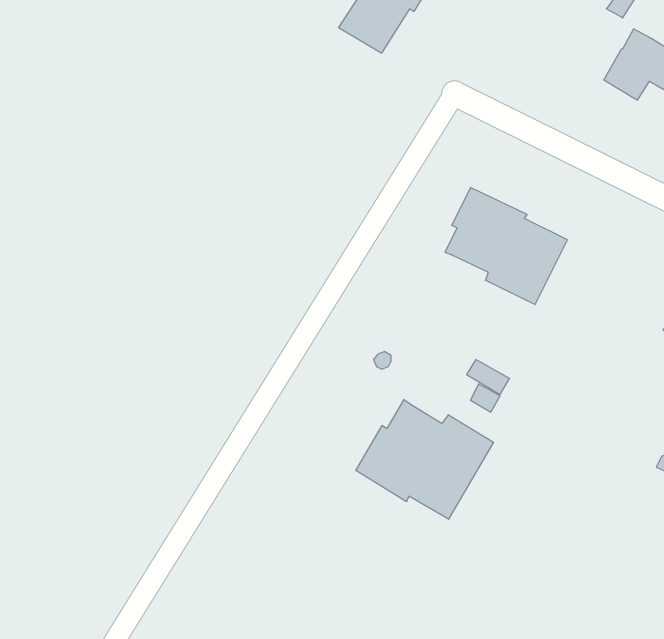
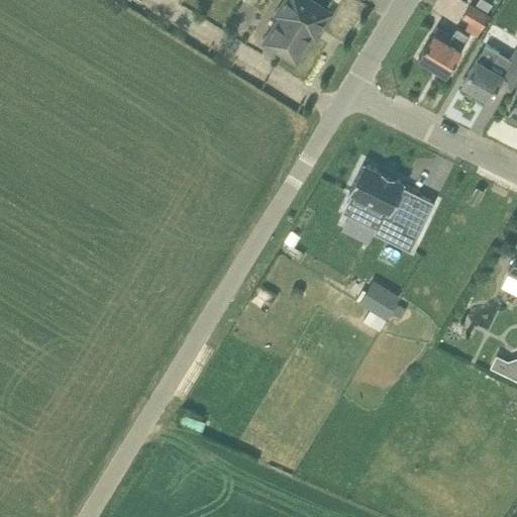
building: none -> [418,27,470,74]
building: [356,399,493,519] -> none

